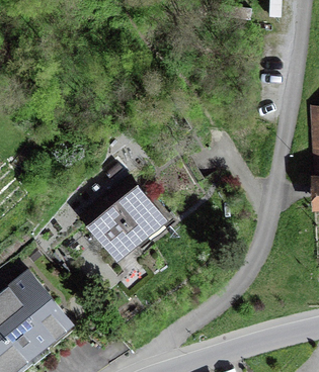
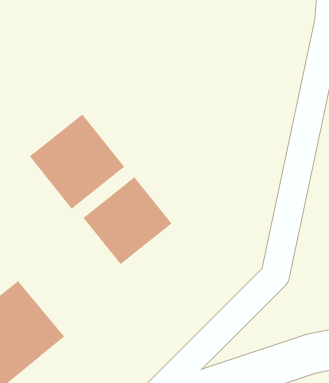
building: none -> [29,114,125,210]

